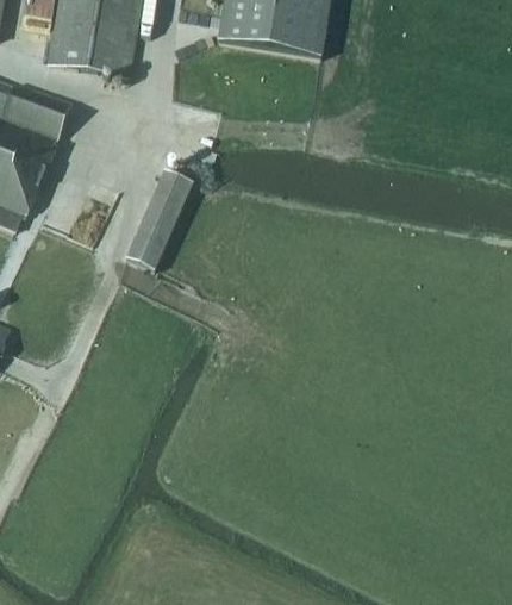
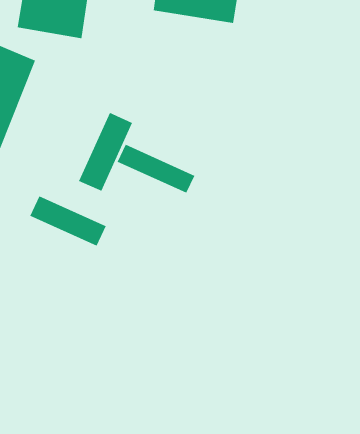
building: none -> [117,144,195,194]
building: none -> [30,195,107,247]

